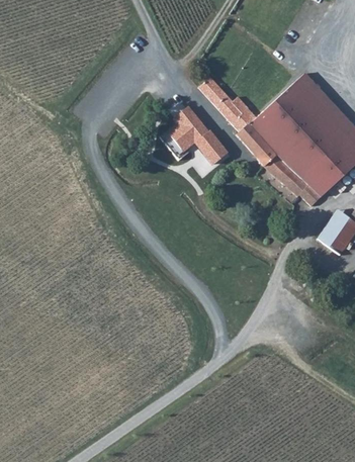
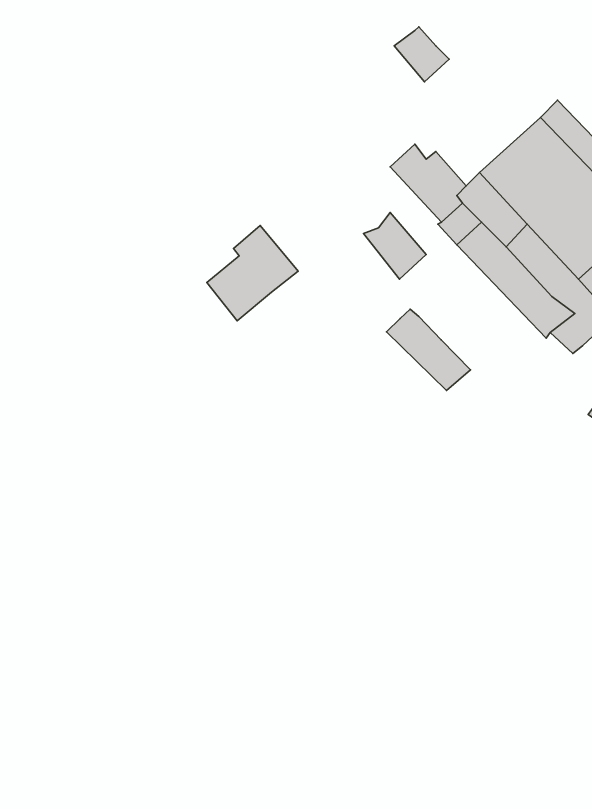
building: [196,77,226,106] -> [394,27,449,82]
building: [164,106,212,157] -> [207,226,298,321]
building: none -> [387,309,470,391]

